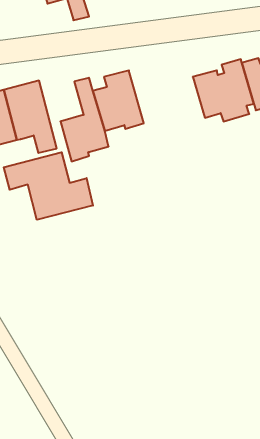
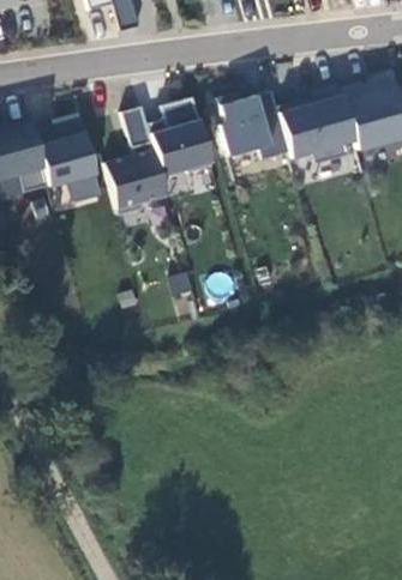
building: none -> [220,91,290,161]
building: [4,152,93,220] -> none

